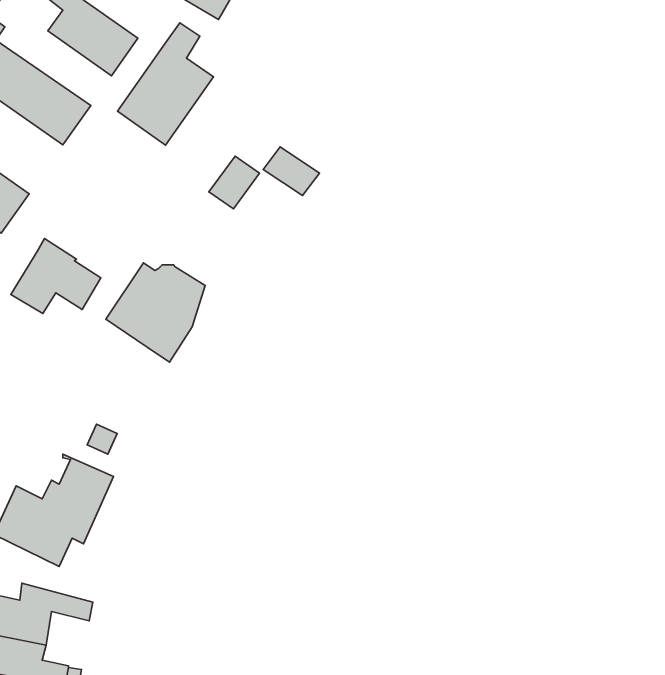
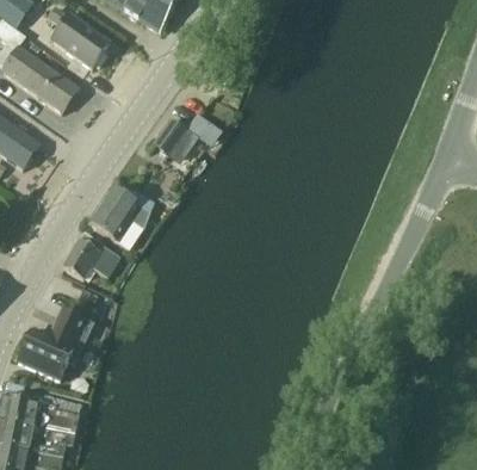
building: [117,23,214,145] -> none
building: [11,238,101,313] -> [62,231,119,279]

